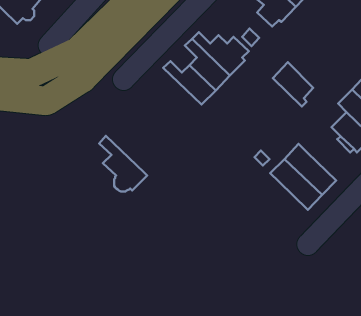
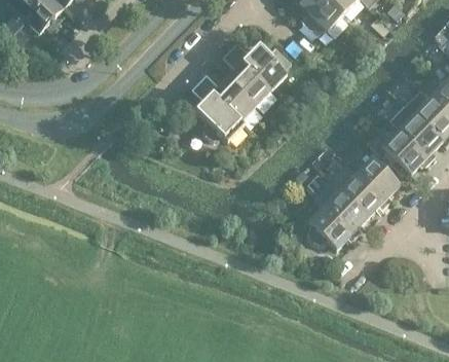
building: [273,62,313,106] -> [356,155,400,204]
building: [99,136,147,191] -> [191,80,244,141]
building: none -> [308,205,357,249]

